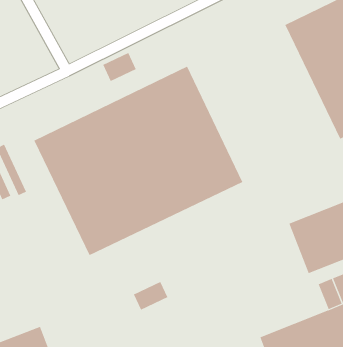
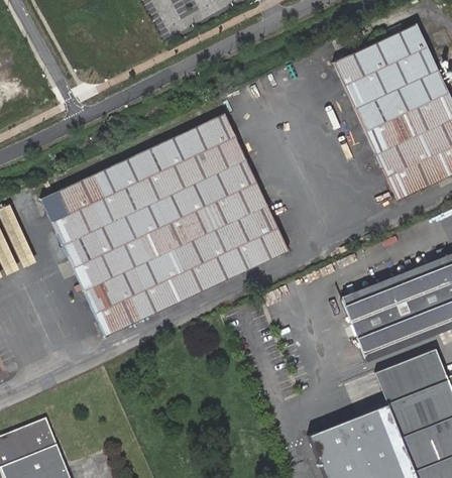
building: [103,52,136,82] -> none
building: [133,281,168,311] -> none

